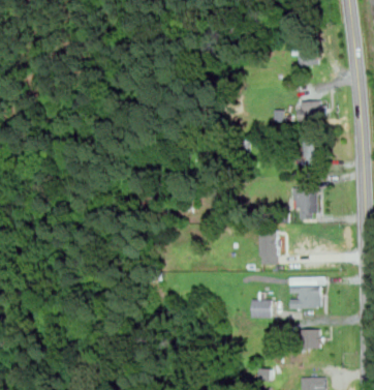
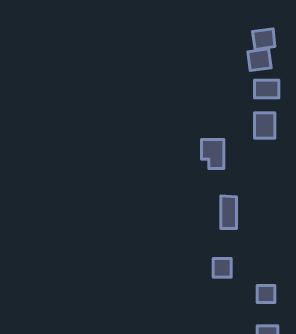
building: none -> [248,49,271,71]
building: [292,188,317,220] -> [201,139,224,168]
building: [289,277,322,310] -> none

